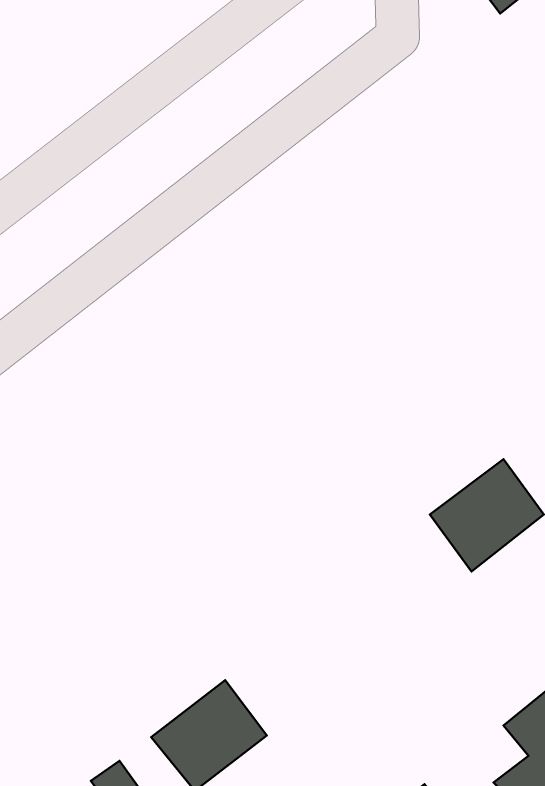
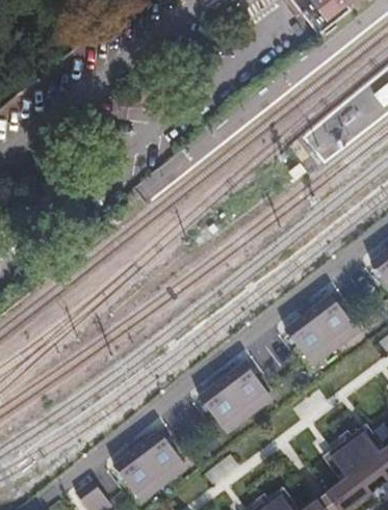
building: none -> [197,359,269,429]

